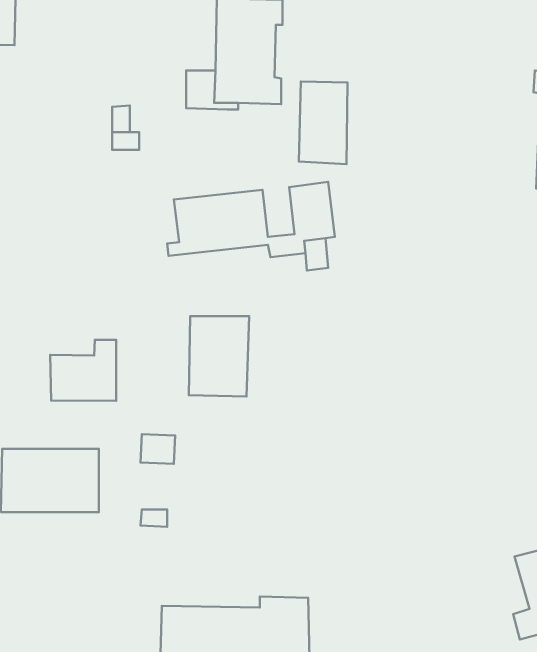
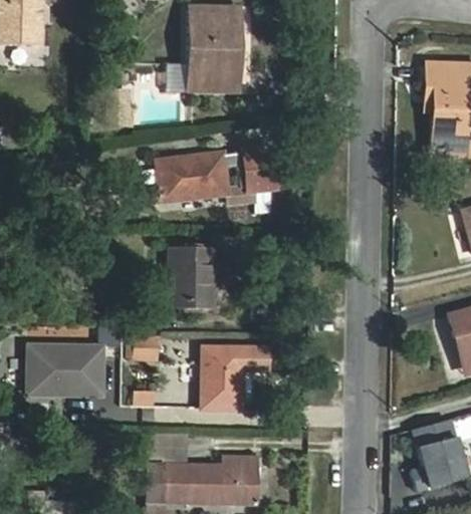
building: [299,81,348,164] -> none
building: [50,340,116,401] -> none
building: none -> [203,344,268,409]

